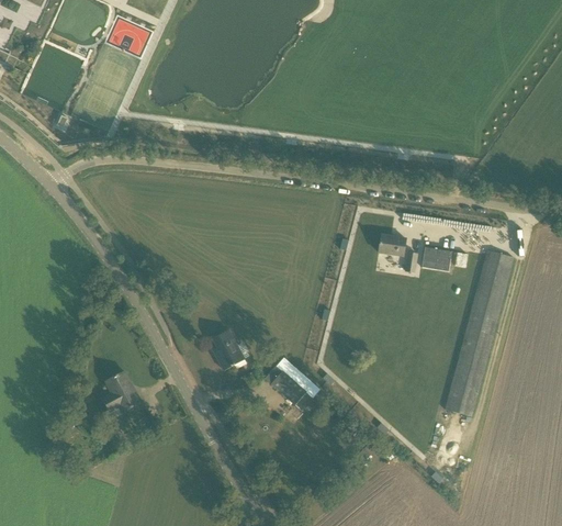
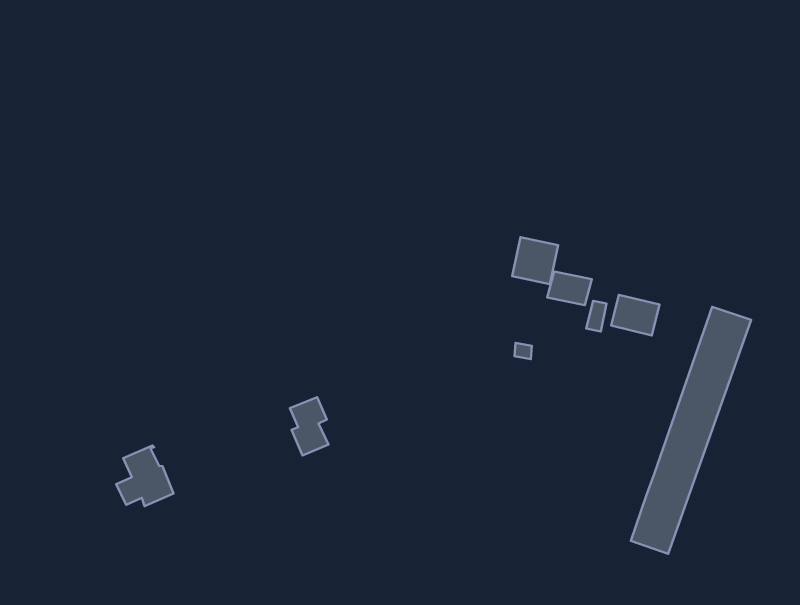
building: none -> [512,237,558,284]
building: [271,362,313,404] -> none

